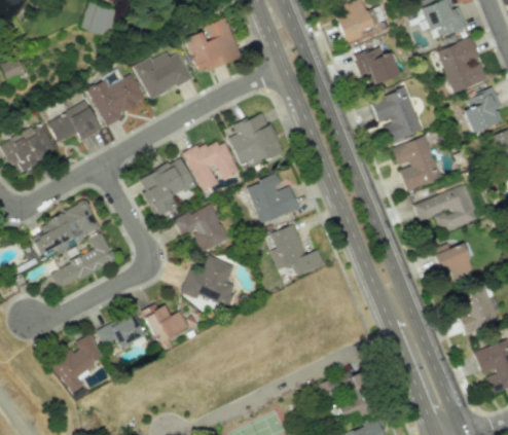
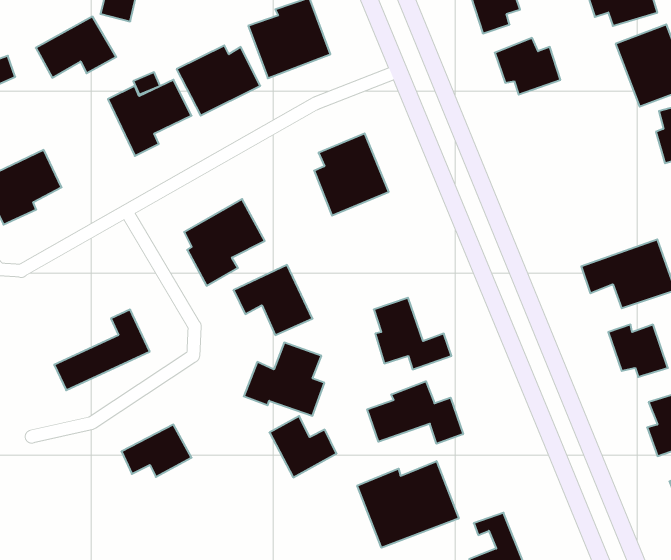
building: [371,87,422,142] -> none
building: [46,101,102,143] -> [36,17,116,78]
building: [392,135,441,189] -> none
building: [183,140,240,190] -> none
building: [247,174,298,222] -> none
building: [32,201,100,254] -> none
building: none -> [367,381,463,444]
building: [142,300,188,342] -> [269,416,337,477]
building: [52,333,104,392] -> none
building: none -> [357,461,459,548]

